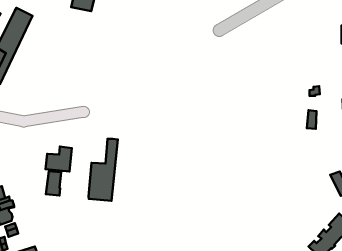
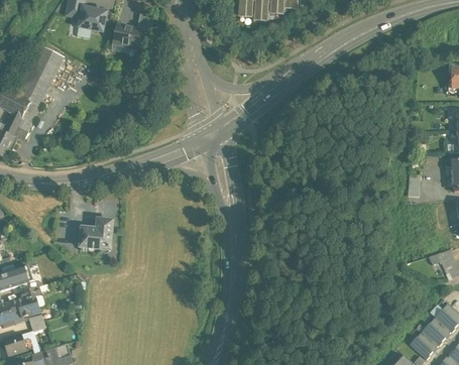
building: [89,139,118,201] -> none
building: [46,171,61,195] -> none

